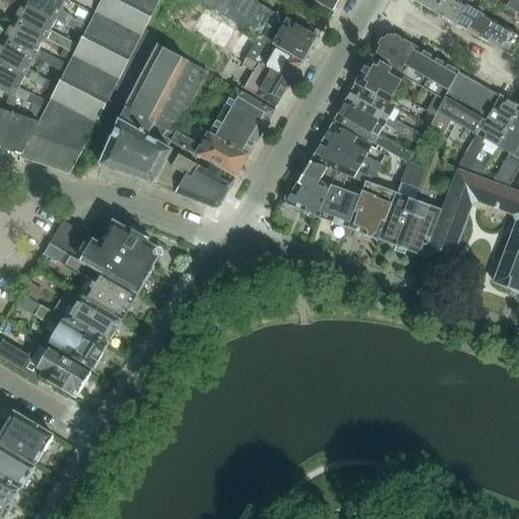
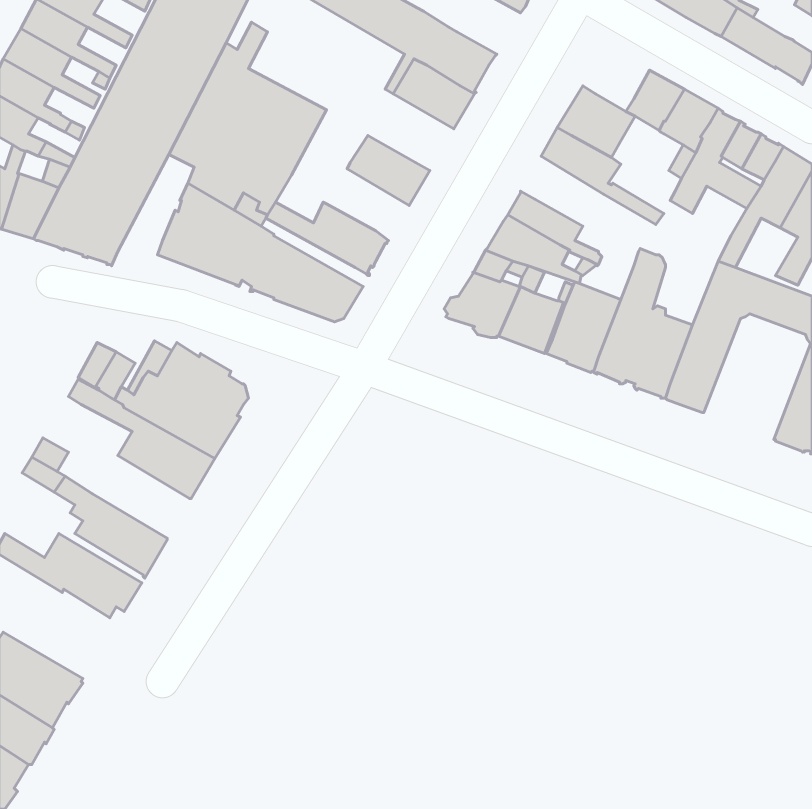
building: [371,31,414,71] -> none
building: [241,57,289,104] -> none
building: [333,99,413,160] -> none
building: [208,107,261,153] -> none
building: [59,289,121,343] -> none

